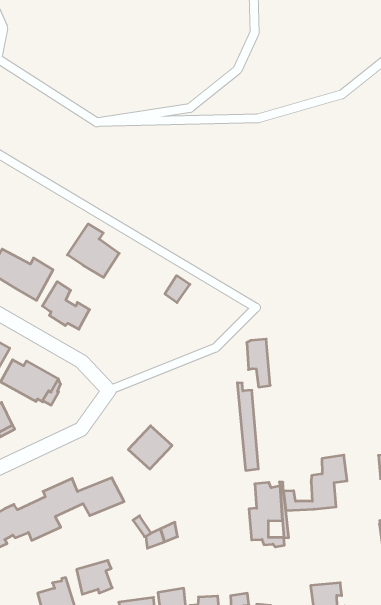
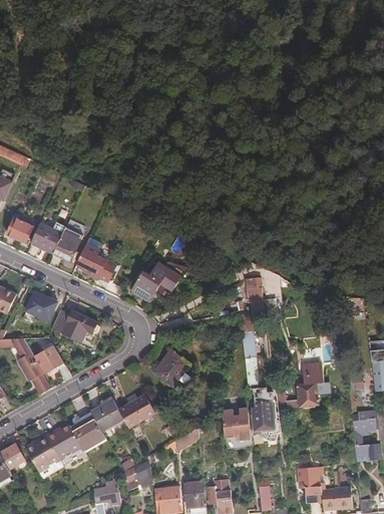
building: [67,224,119,277] -> none
building: none -> [133,263,180,301]
building: none -> [221,413,251,444]

